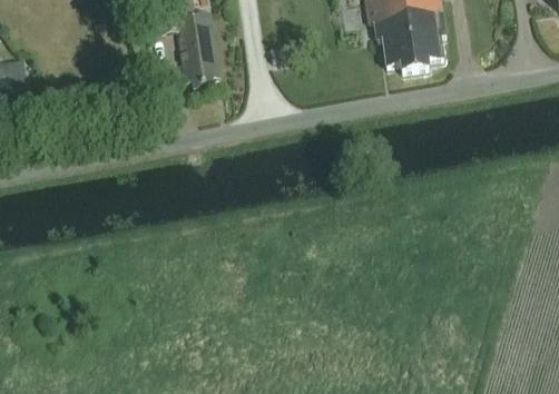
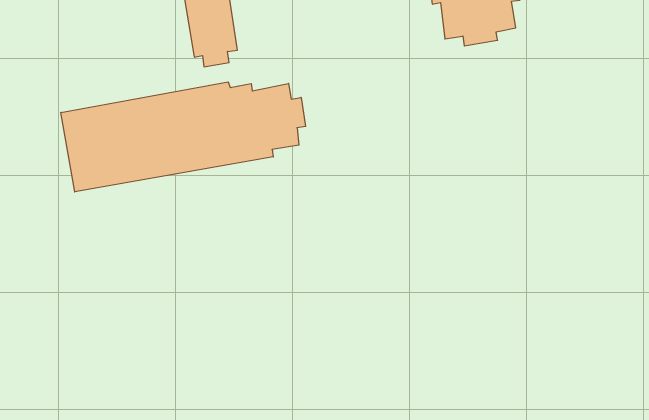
building: none -> [61,82,306,192]

